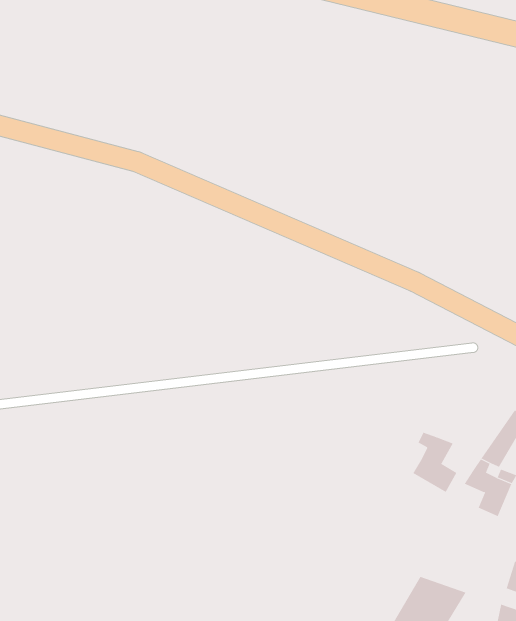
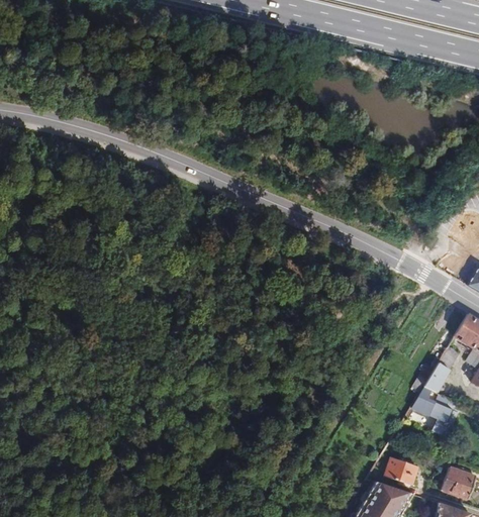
building: [413,432,457,493] -> none
building: none -> [384,457,416,485]

